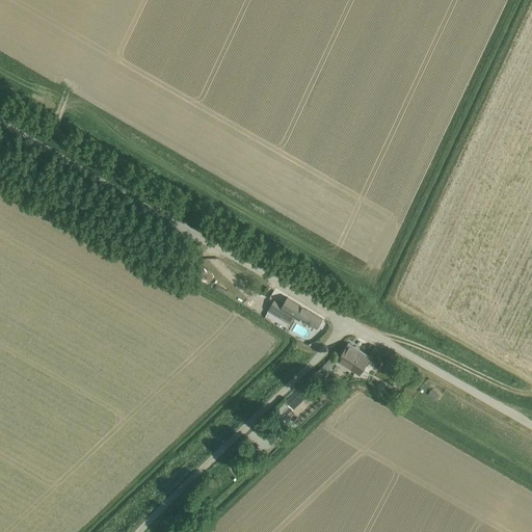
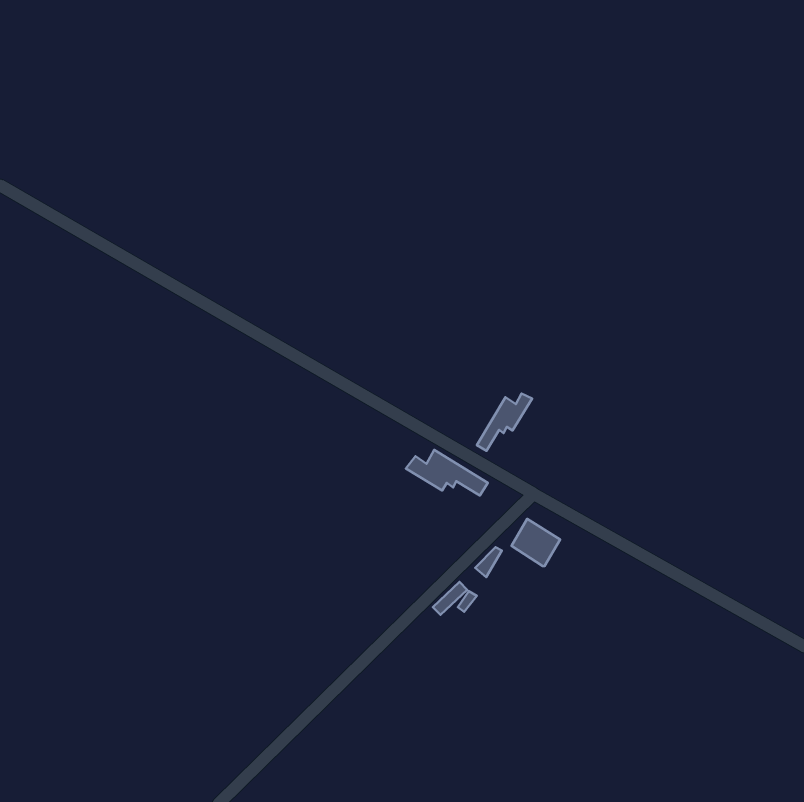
building: none -> [477,393,532,451]

